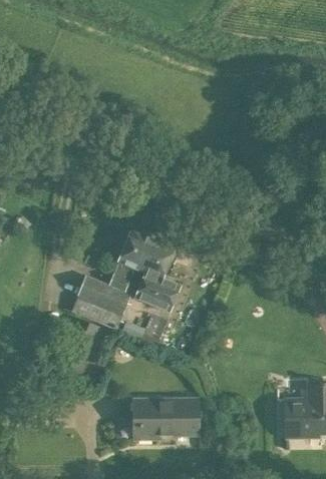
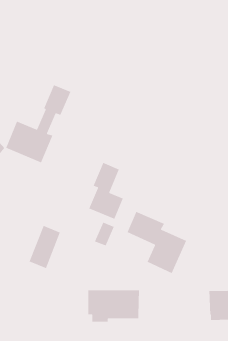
building: [71,230,153,329] -> [5,84,71,163]
building: none -> [126,211,187,274]

